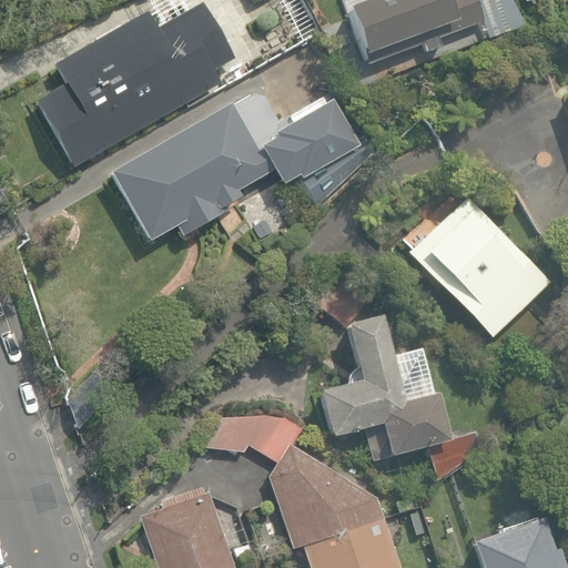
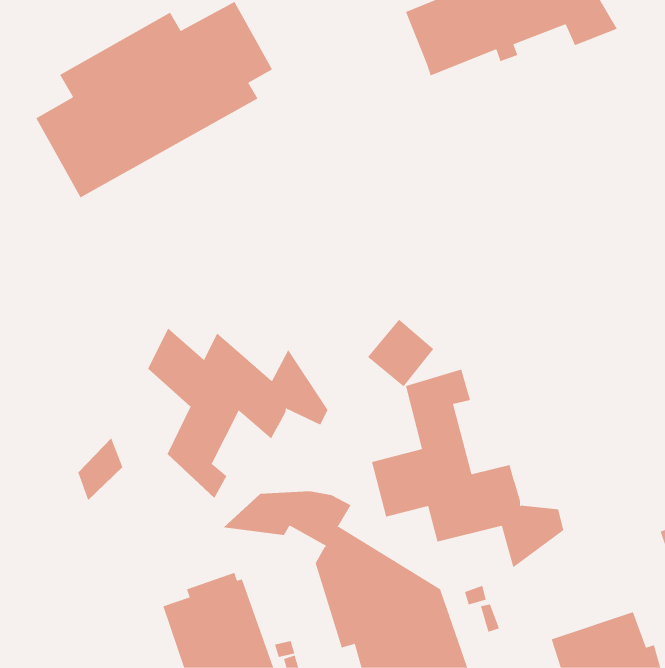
building: [113,92,357,239] -> none
building: [410,196,550,338] -> none
building: none -> [148,328,328,499]

